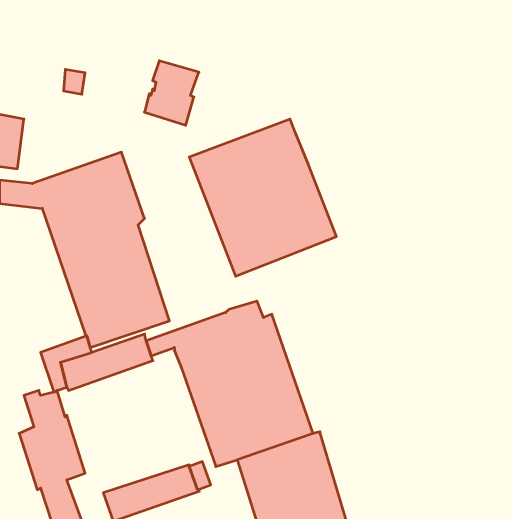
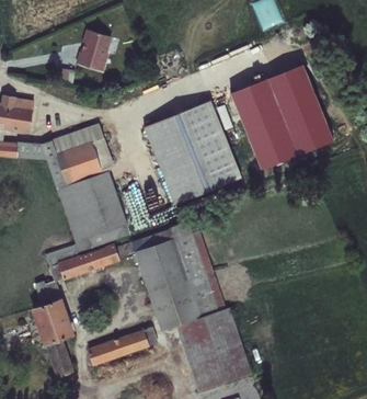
building: [144,61,199,125] -> [76,30,112,72]
building: none -> [230,65,333,170]

